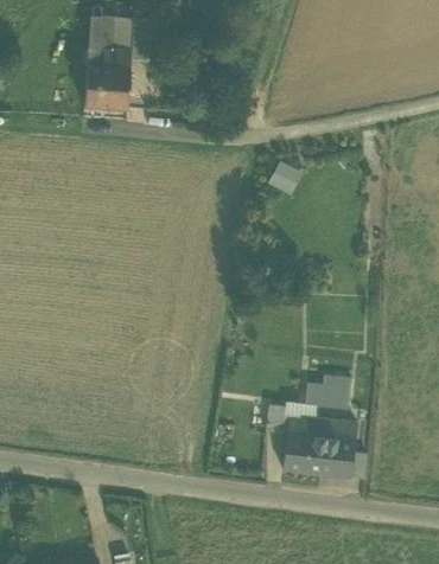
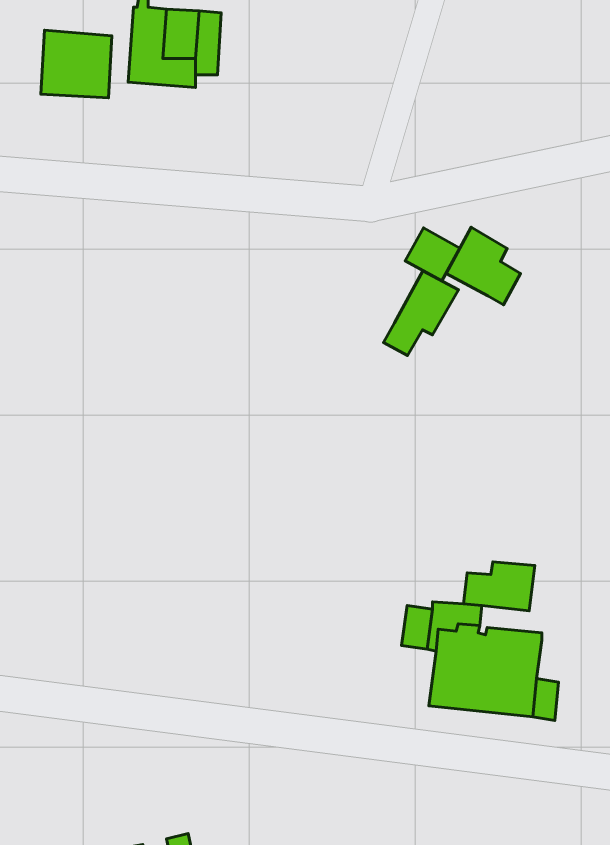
building: [84,66,131,110] -> [41,30,112,98]
building: none -> [446,227,521,305]
building: none -> [384,271,458,355]

